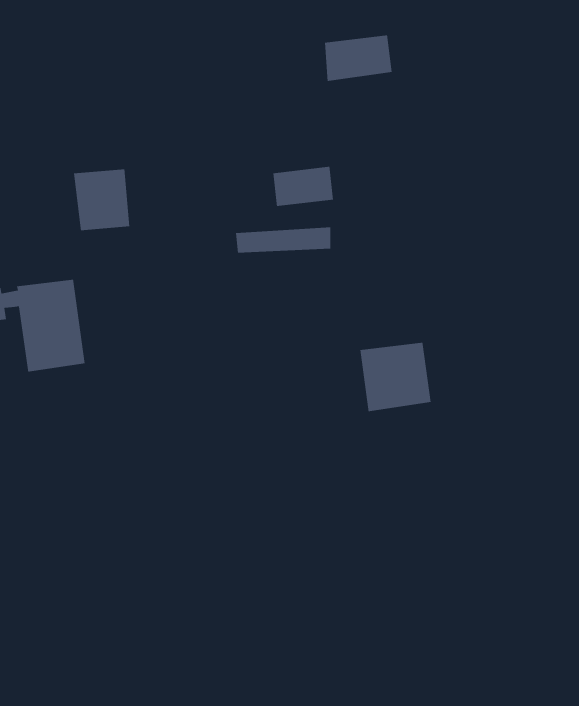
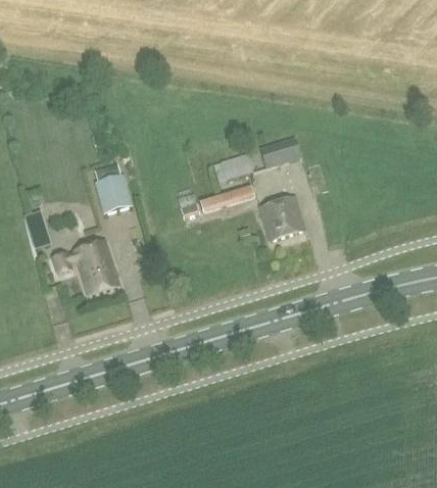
building: [324,35,393,81] -> [259,136,300,167]
building: [360,342,431,412] -> [258,196,303,240]

